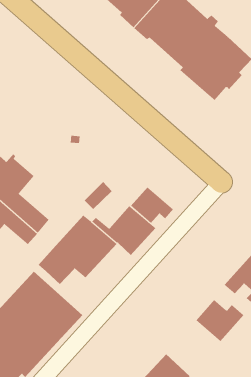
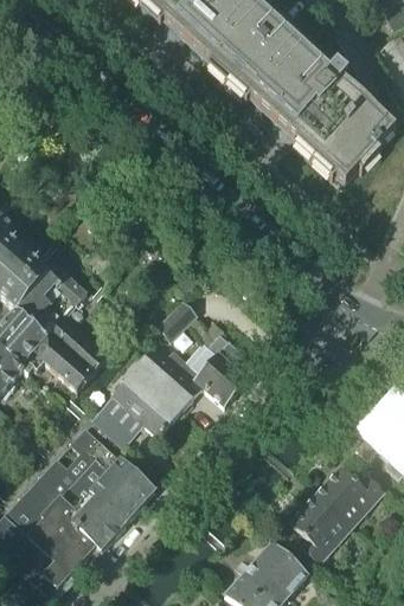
building: [130,186,174,224] -> none
building: none -> [293,494,352,560]

